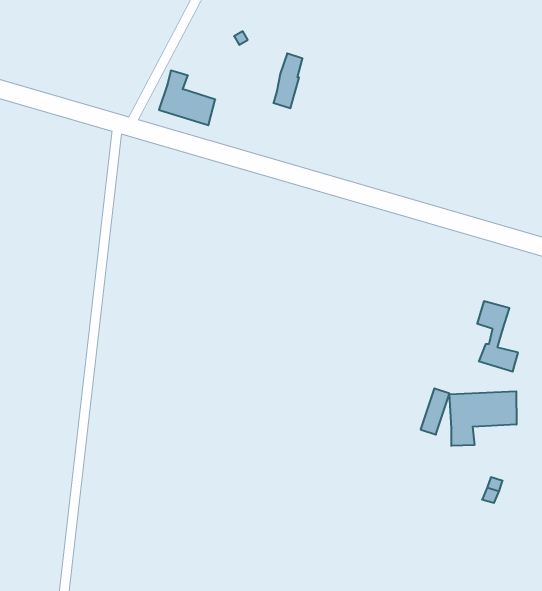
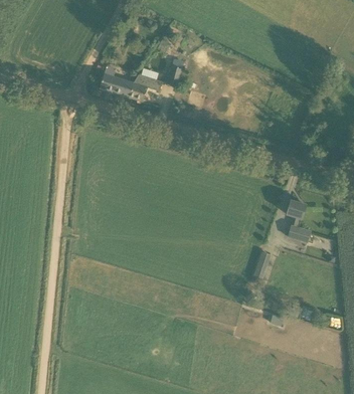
building: none -> [128,73,161,101]
building: [449,391,516,446] -> none

